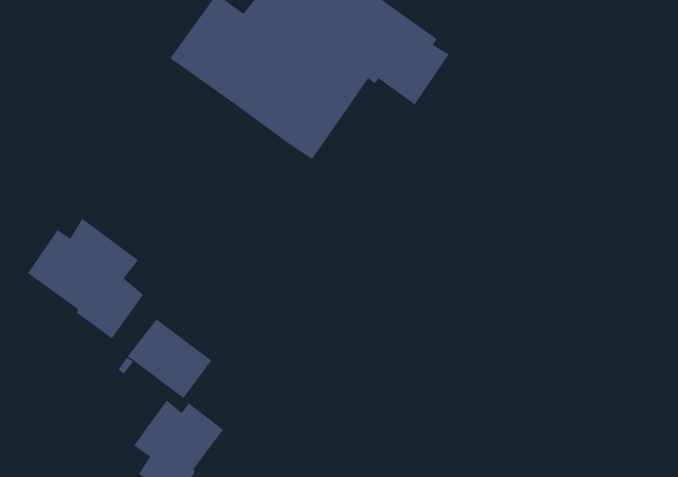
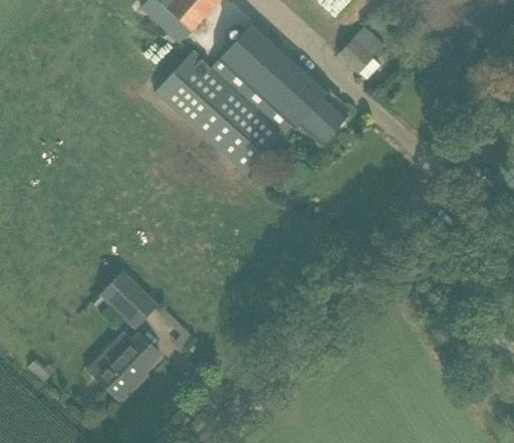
building: [27,218,144,339] -> none

